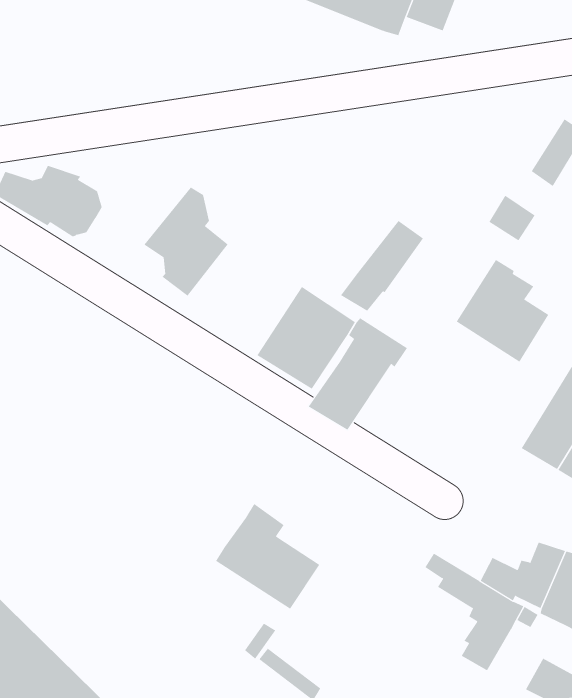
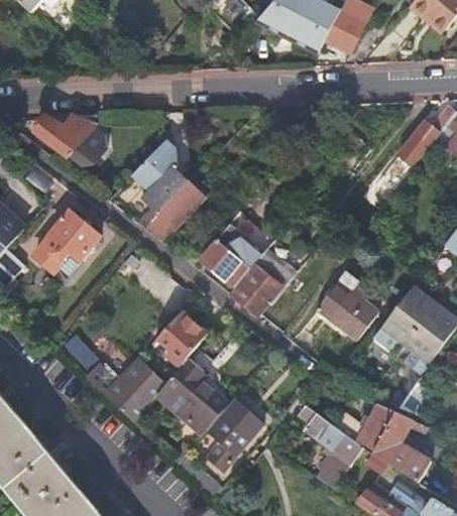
building: [340,220,424,312] -> [144,181,205,241]
building: [456,259,549,363] -> [314,269,377,341]
building: none -> [33,212,99,271]
building: none -> [154,311,208,367]
building: none -> [86,361,164,422]
building: none -> [207,400,262,471]

